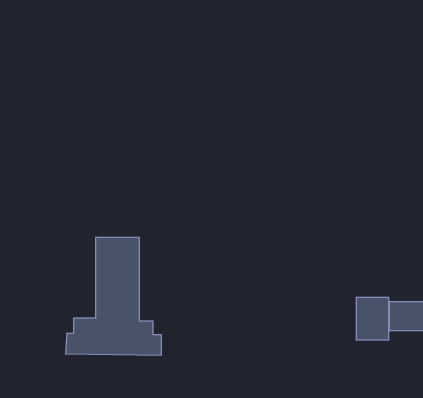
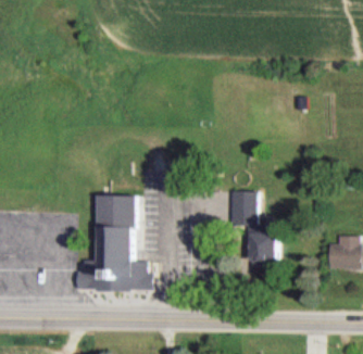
building: none -> [231,190,255,225]
building: [356,298,389,340] -> [253,232,279,266]

